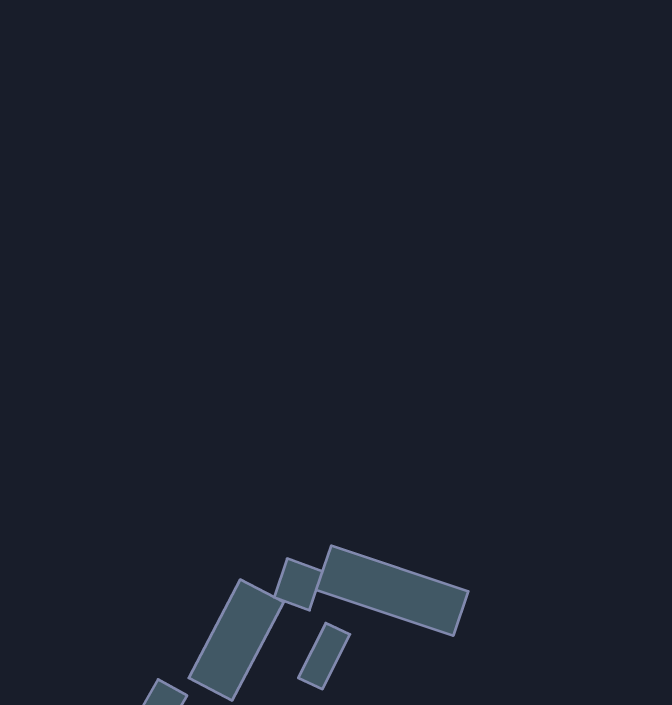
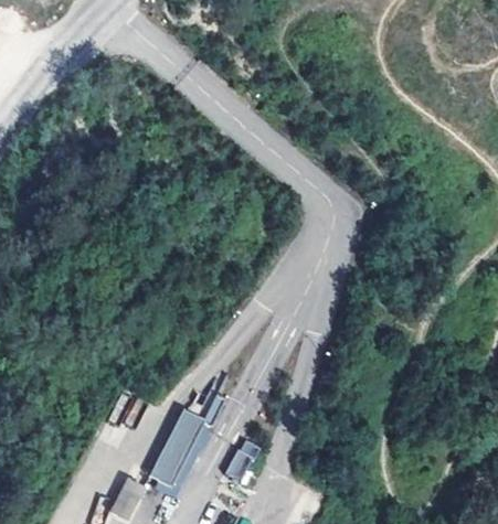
building: [316,546,468,636] -> none

